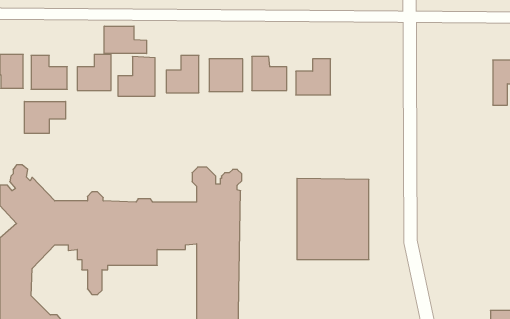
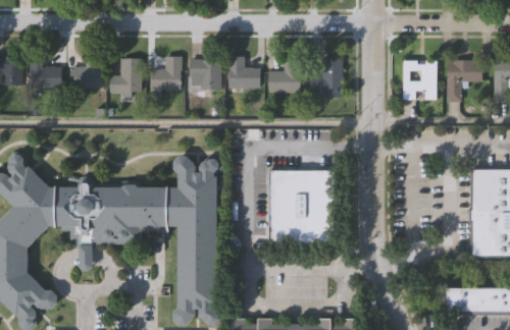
building: [104,26,147,54] -> none
building: none -> [311,59,343,98]
building: none -> [403,60,437,100]
building: [24,101,66,133] -> none

